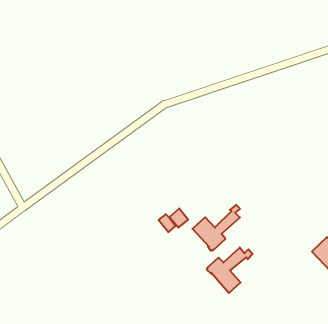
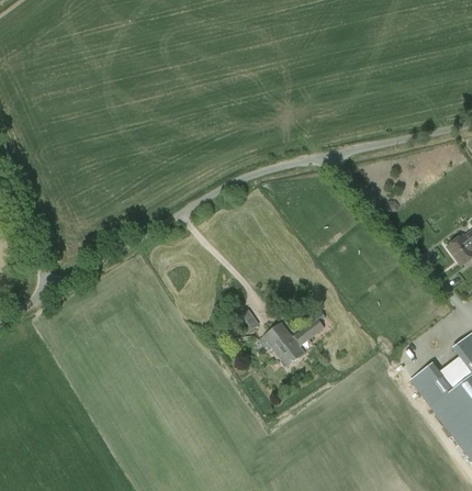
building: [207,247,253,293] -> none

